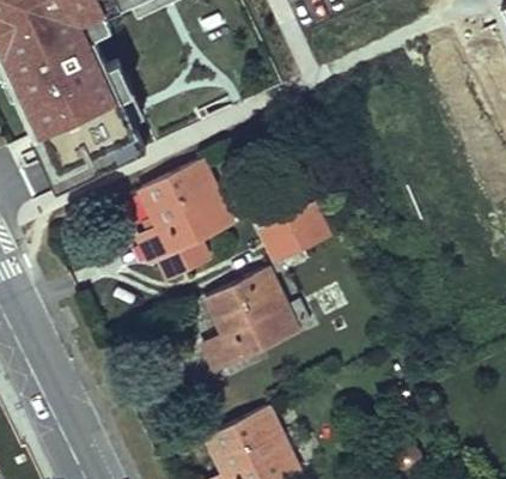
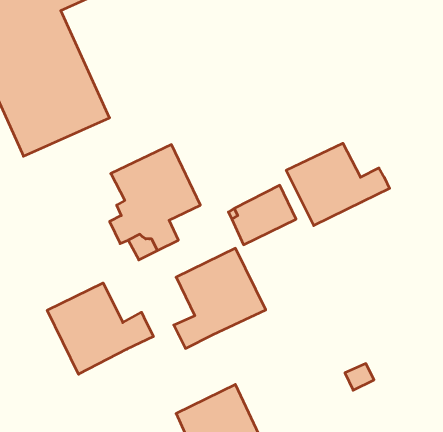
building: none -> [286,143,390,226]
building: none -> [47,283,153,374]

